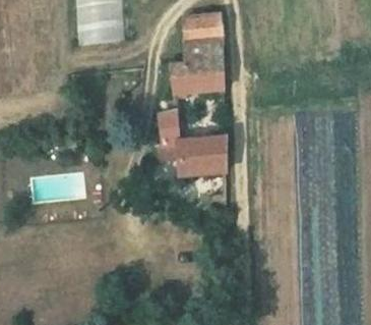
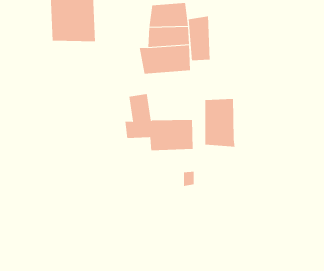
building: none -> [188,16,210,61]
building: none -> [205,98,235,147]

